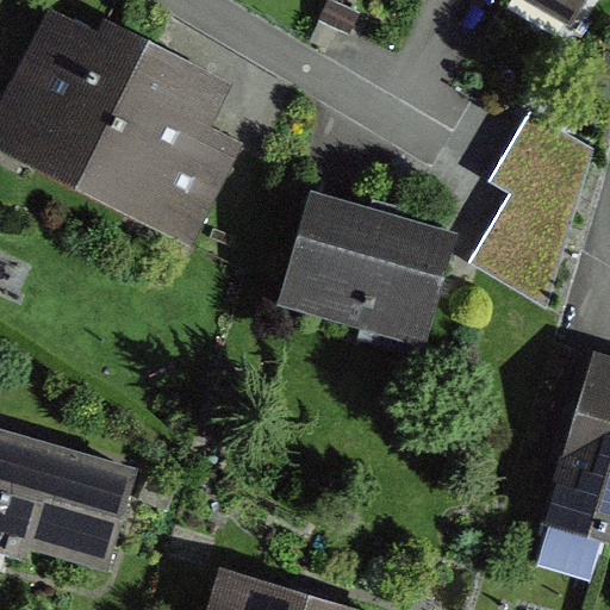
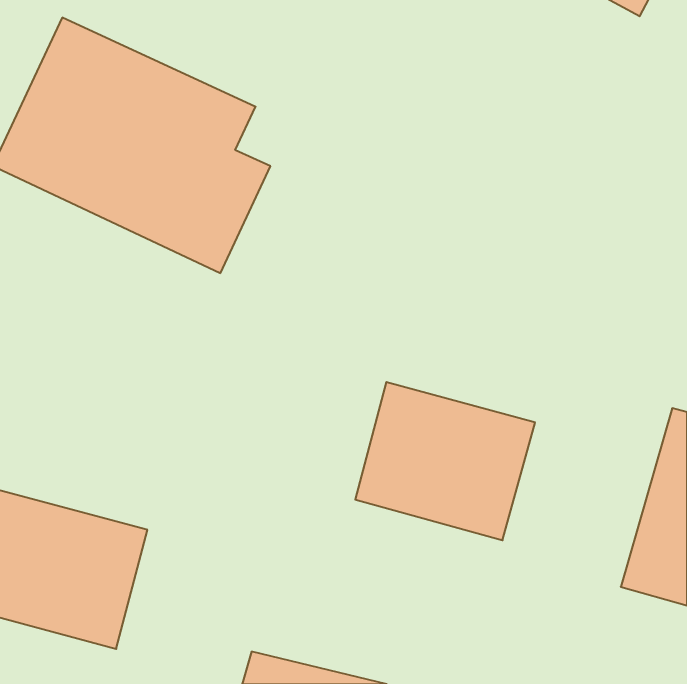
building: [469,107,593,299] -> none
building: [287,198,446,337] -> [355,382,535,540]

